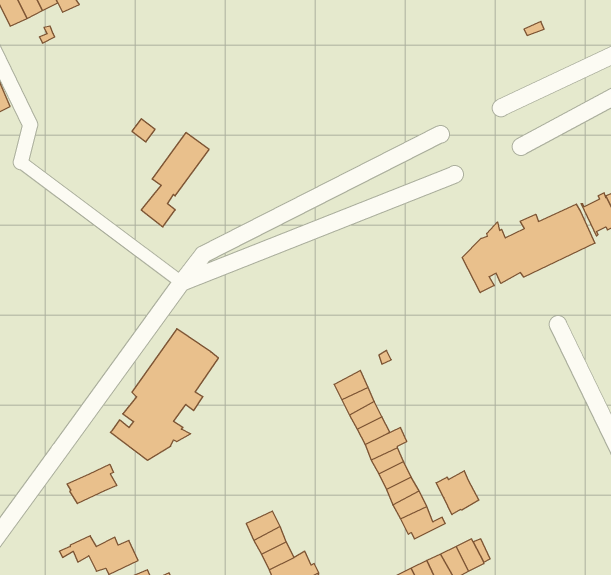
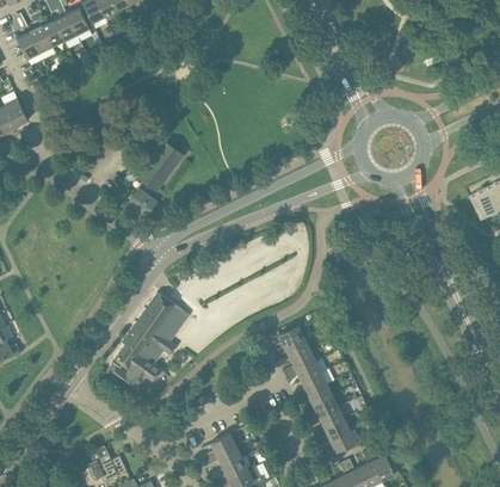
building: [462,204,595,293] -> none
building: [67,464,117,504] -> none
building: [436,471,479,515] -> none

